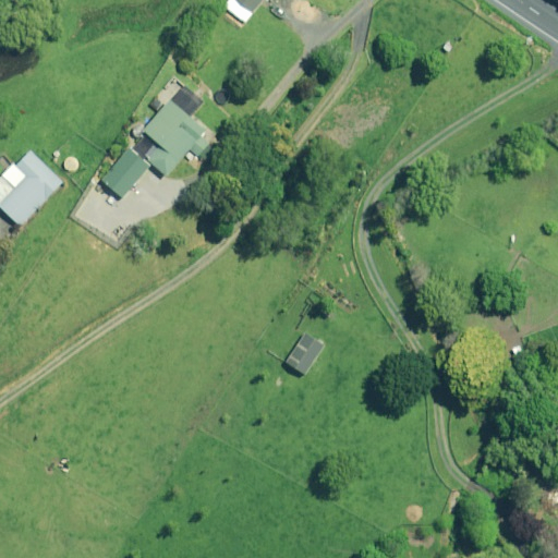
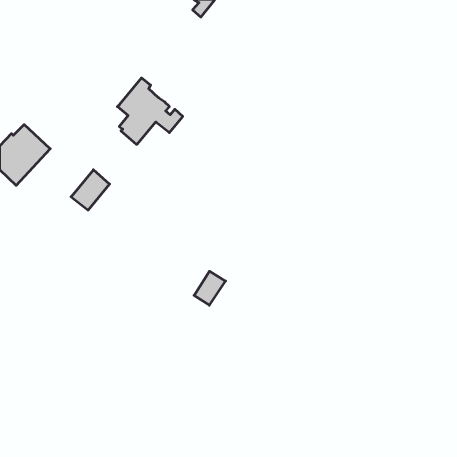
building: [101,148,148,197] -> [71,170,110,210]
building: [286,330,324,372] -> [194,271,226,305]

